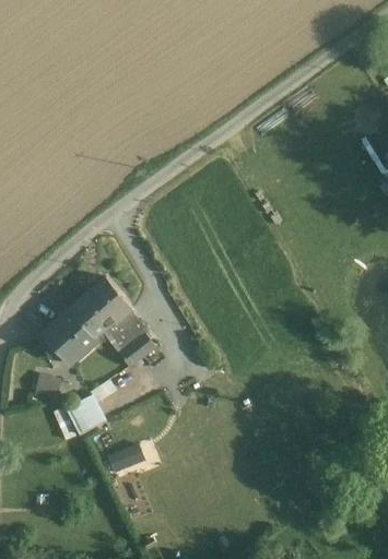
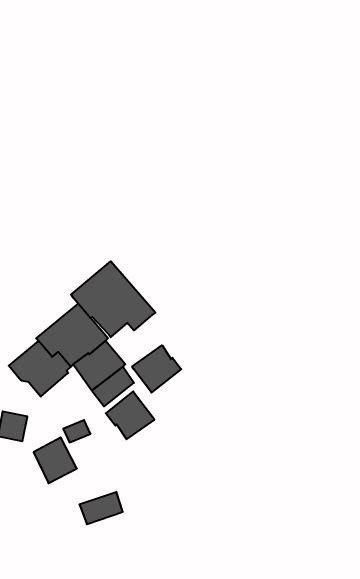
building: none -> [71,261,155,337]
building: none -> [132,345,181,393]
building: none -> [106,391,154,439]

